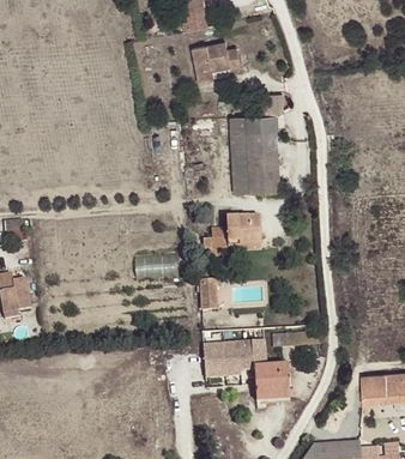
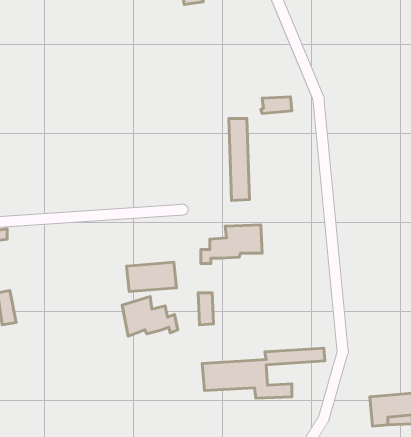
building: [191,41,238,80] -> none
building: [246,115,277,192] -> none
building: none -> [122,296,178,336]
building: [254,376,289,400] -> none

